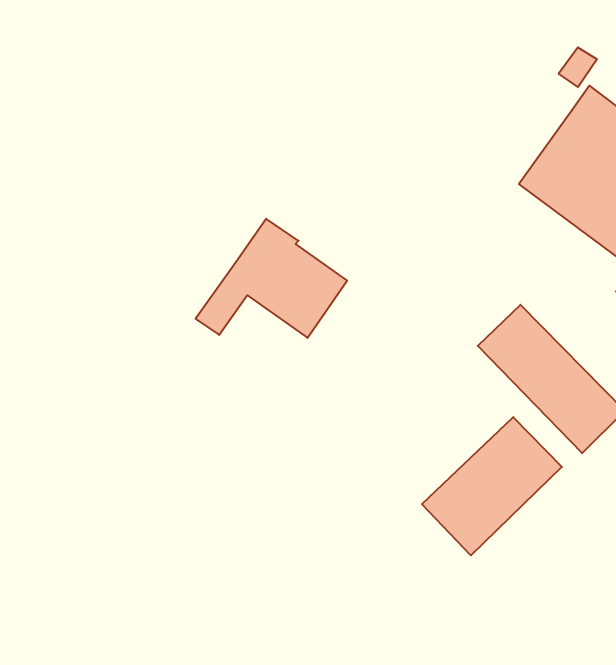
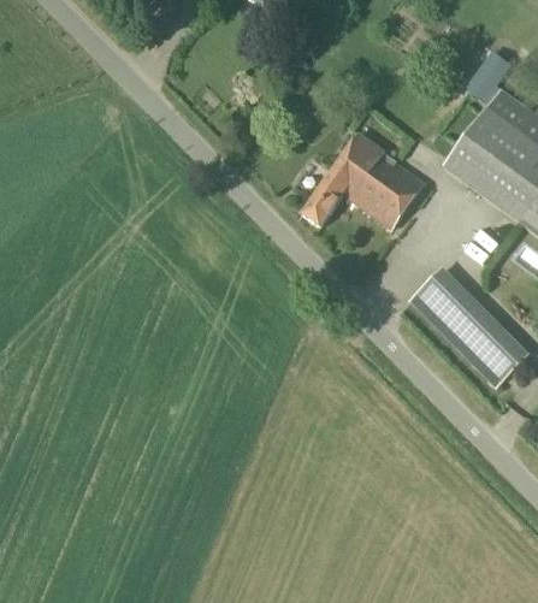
building: [196,219,347,338] -> [300,131,424,229]
building: [422,417,562,555] -> none

